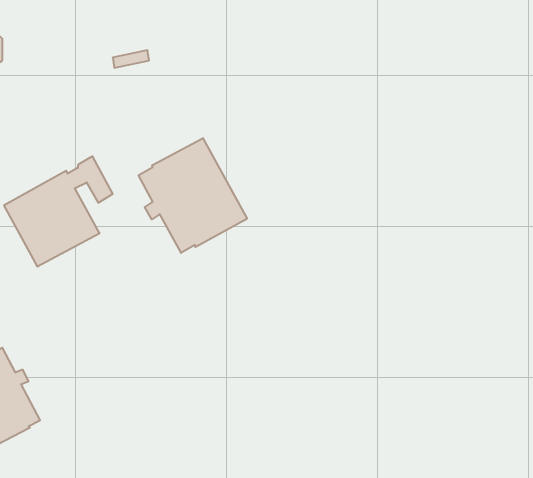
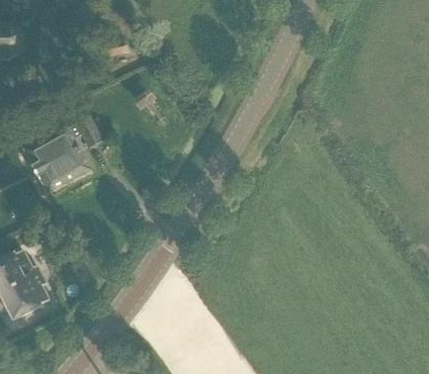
building: [139,138,247,253] -> none

